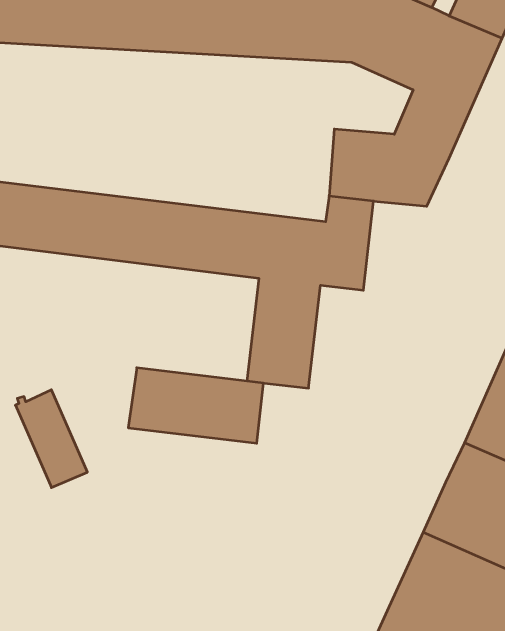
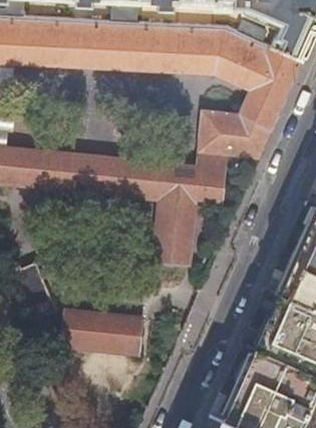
building: [128,368,264,443] -> [62,312,141,356]

